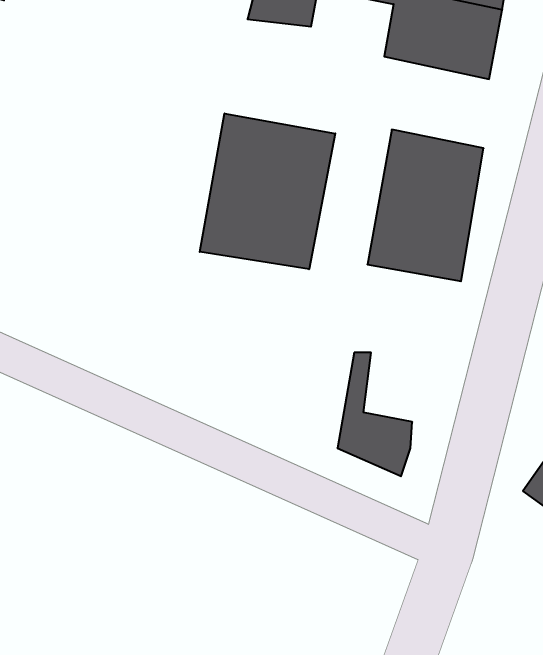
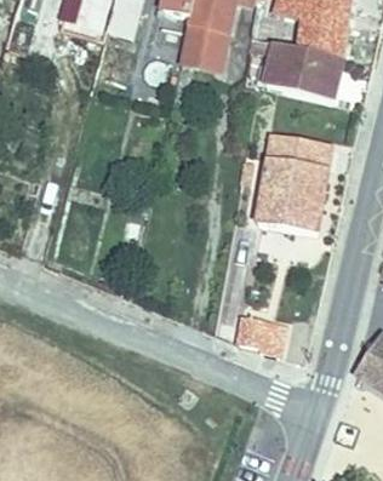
building: [200,113,335,269] -> none

